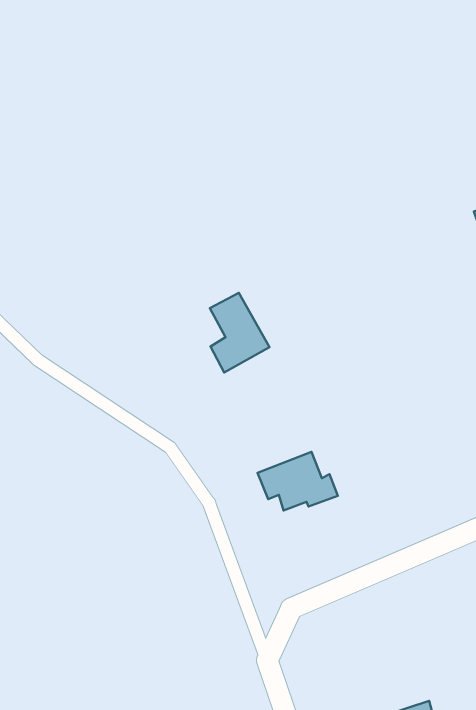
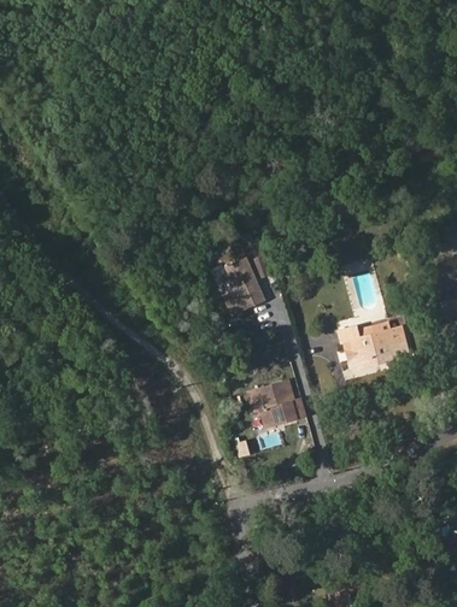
building: none -> [339,326,409,369]

